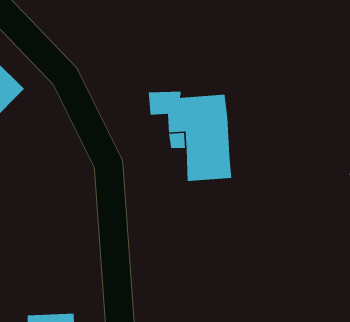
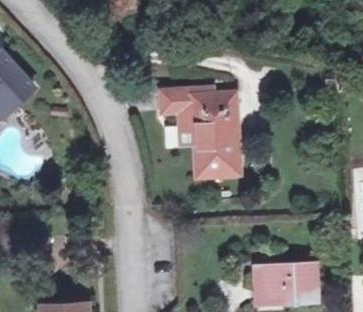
building: none -> [265,262,317,303]

